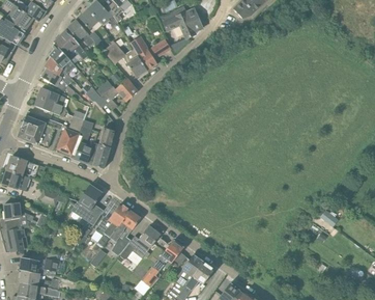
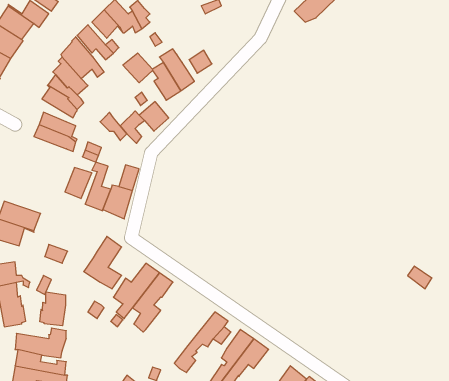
building: [160,7,203,39] -> none
building: [18,111,64,148] -> none
building: none -> [40,292,66,326]
building: [120,226,161,260] -> none

